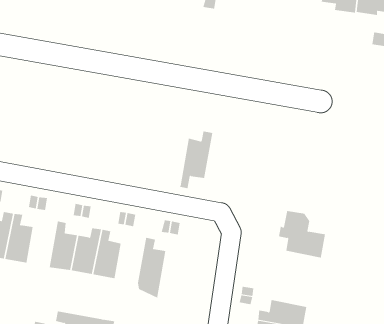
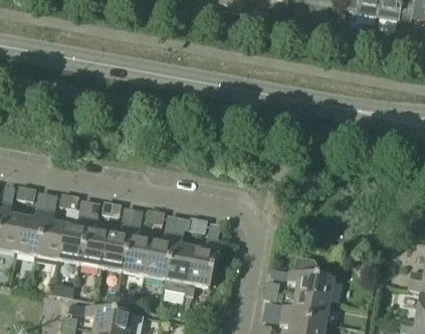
building: [179,131,213,189] -> [184,240,217,297]
building: [278,210,326,258] -> [287,256,334,302]
building: none -> [58,217,87,264]
building: none -> [144,232,173,279]

